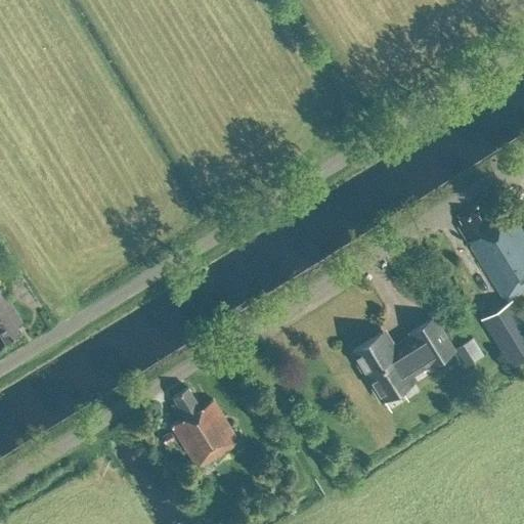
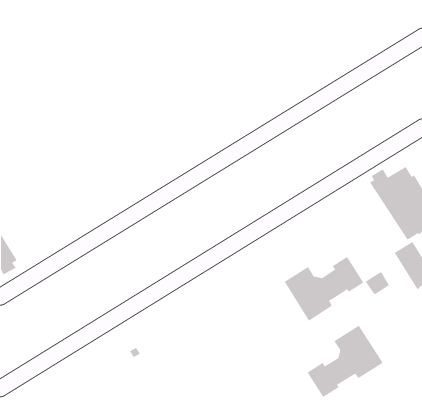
building: [171,389,238,470] -> none
building: none -> [307,325,384,398]

